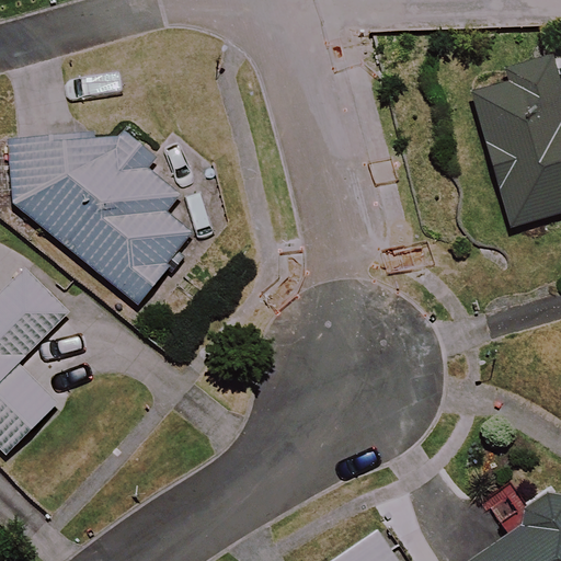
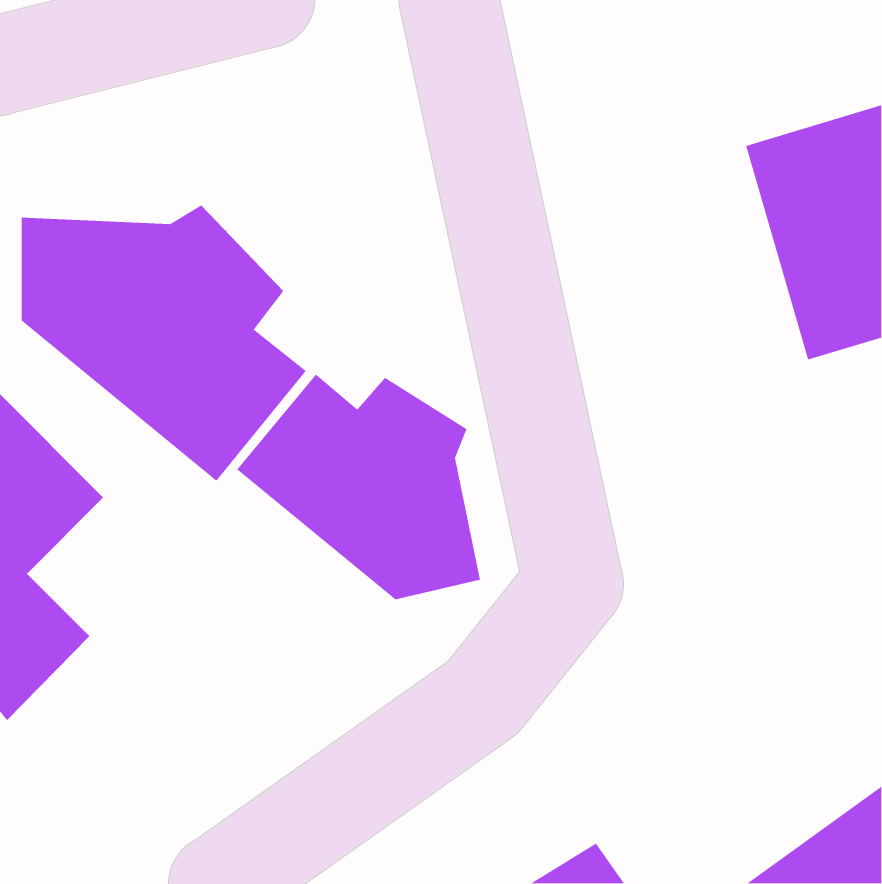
building: none -> [236,373,481,600]

